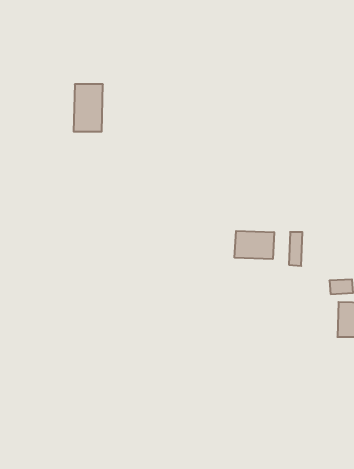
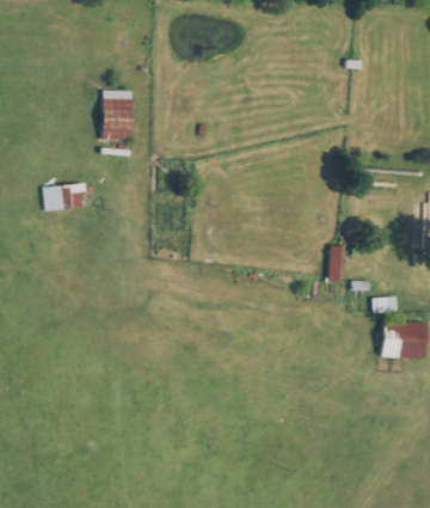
building: none -> [43,183,88,210]
building: [235,231,274,259] -> none

